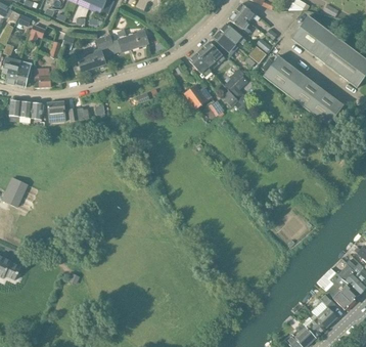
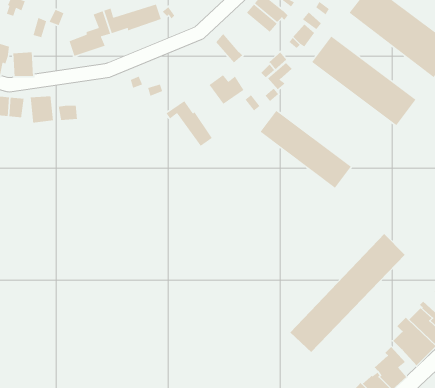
building: [195,41,225,68] -> none
building: none -> [166,100,213,147]
building: none -> [259,110,352,189]
building: none -> [289,233,406,353]

